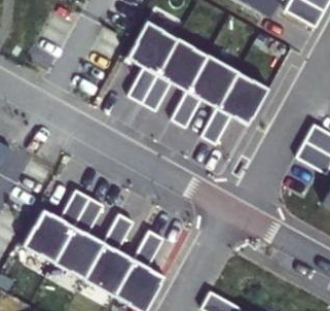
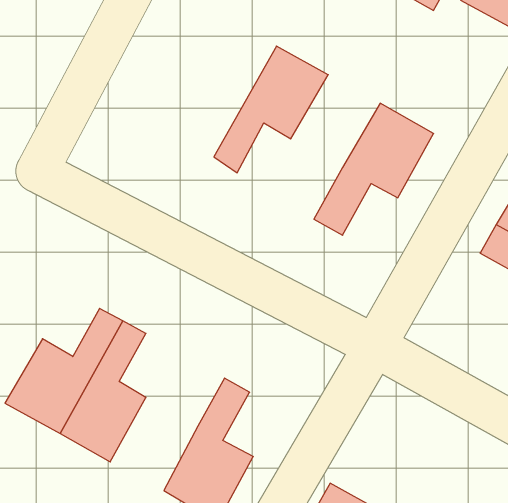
building: [121,19,179,103] -> none
building: [172,56,239,129] -> none
building: [83,214,134,296] -> none

